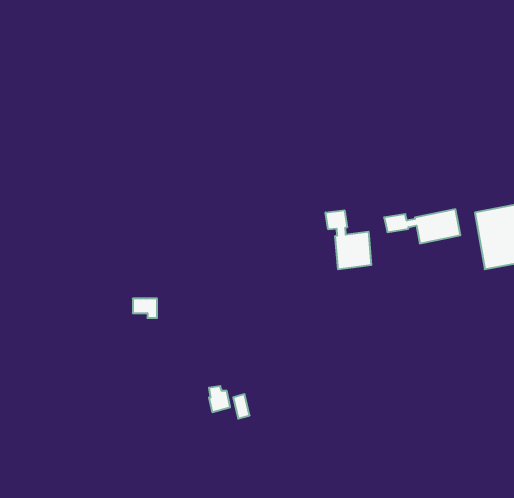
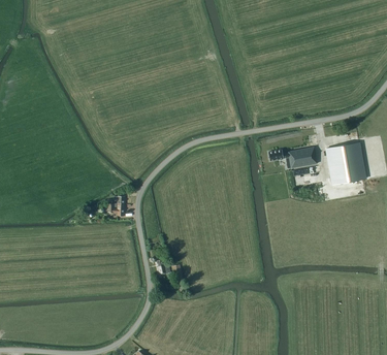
building: [326,210,371,269] -> none

